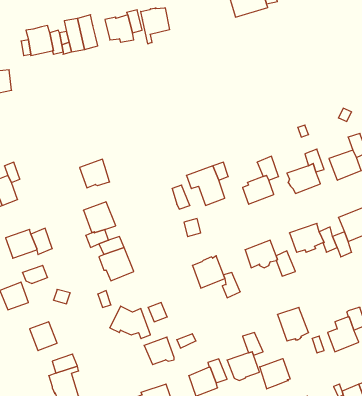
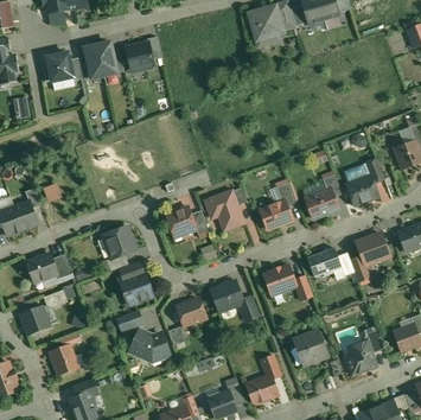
building: [141,8,169,44] -> none
building: [80,159,110,188] -> [166,206,196,235]
building: [144,337,174,365] -> [176,298,205,325]
building: [260,359,290,389] -> none

